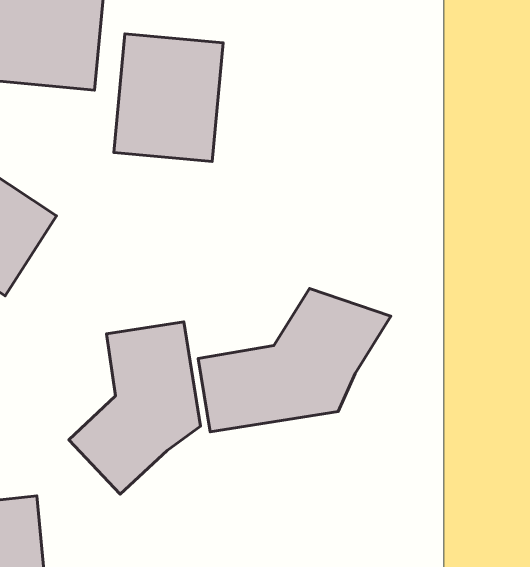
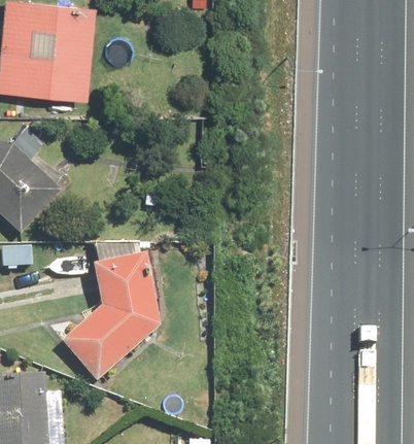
building: [114,34,223,161] -> none
building: [198,288,391,432] -> none

